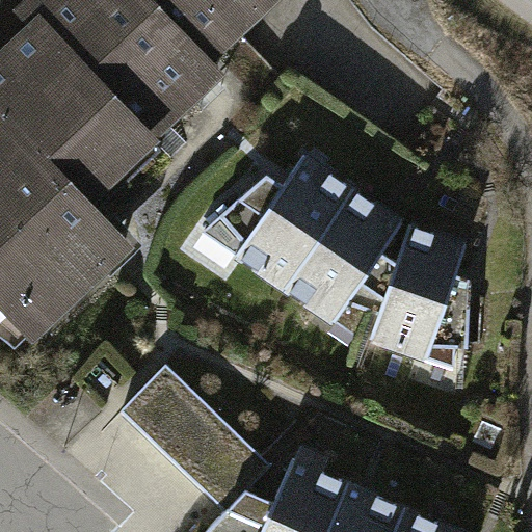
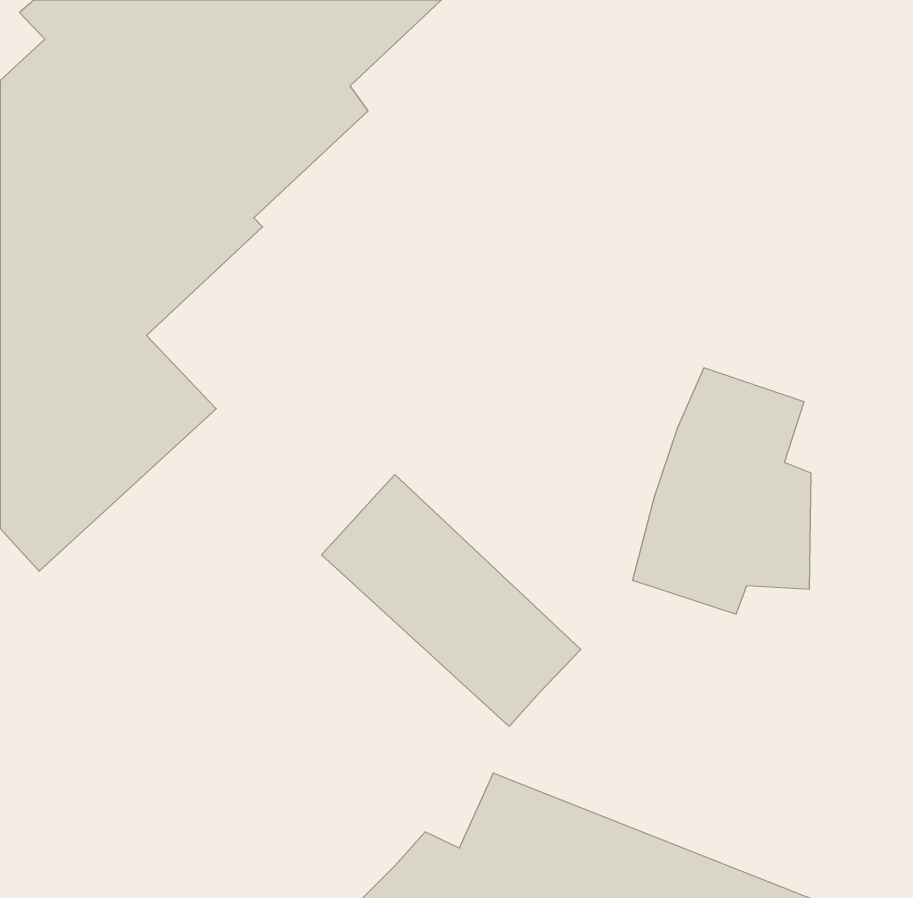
building: [201,155,405,330] -> none
building: [121,366,271,512] -> [322,475,581,726]

